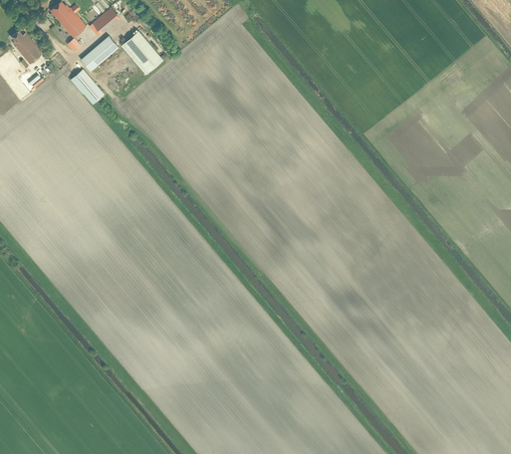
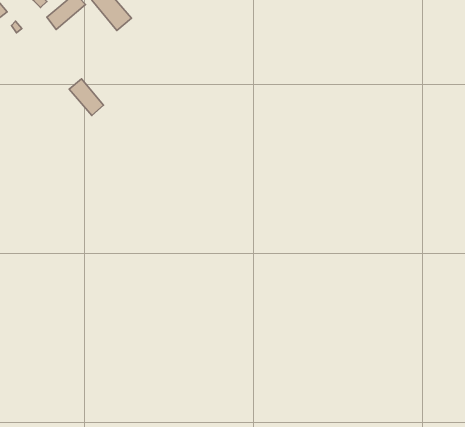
building: [71,69,104,104] -> [69,79,103,115]

